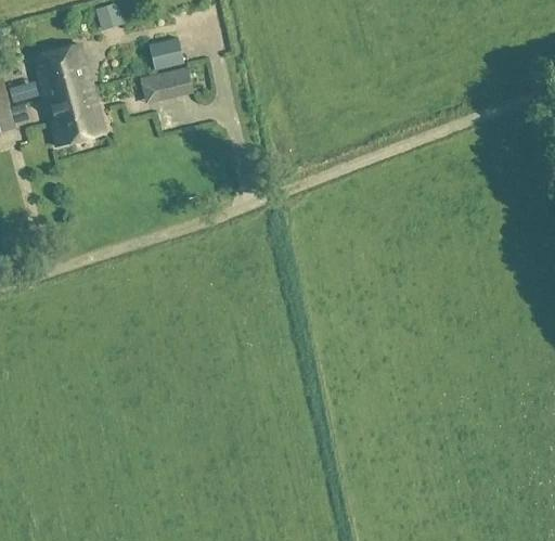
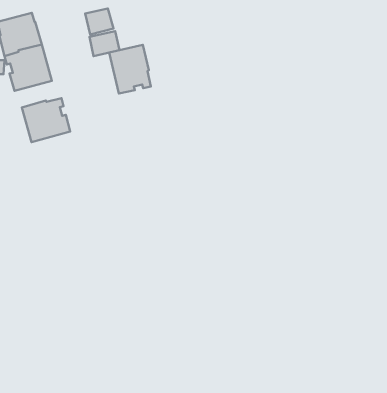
building: none -> [109,45,151,93]
building: none -> [22,98,70,142]

